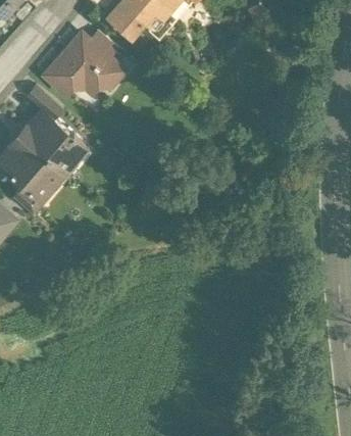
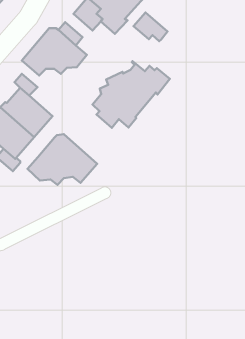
building: none -> [134,13,168,41]
building: none -> [93,61,170,128]
building: none -> [28,134,97,185]

